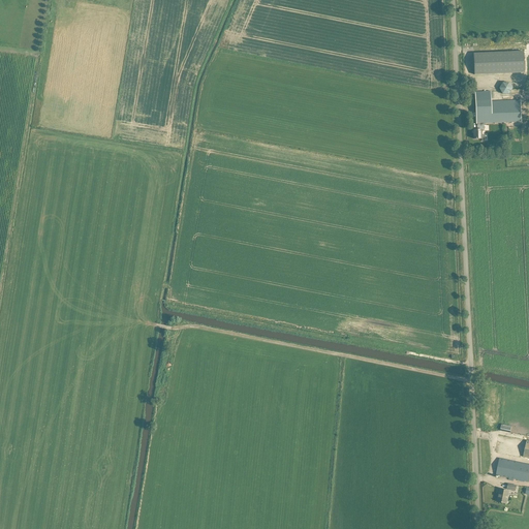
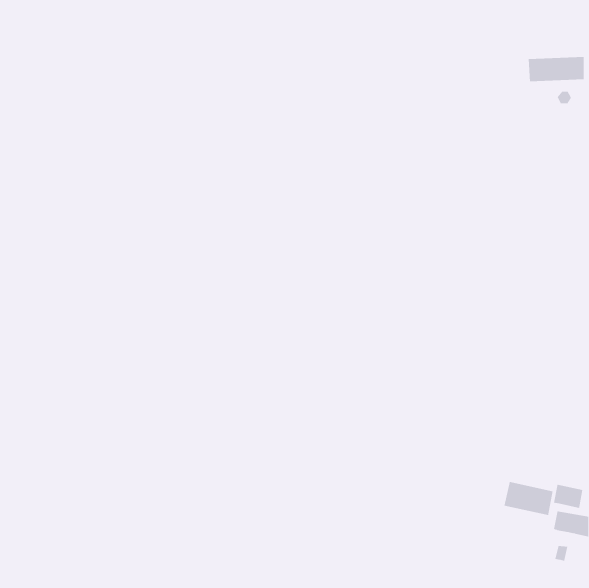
building: [473,91,521,138] -> none
building: none -> [504,481,553,516]

